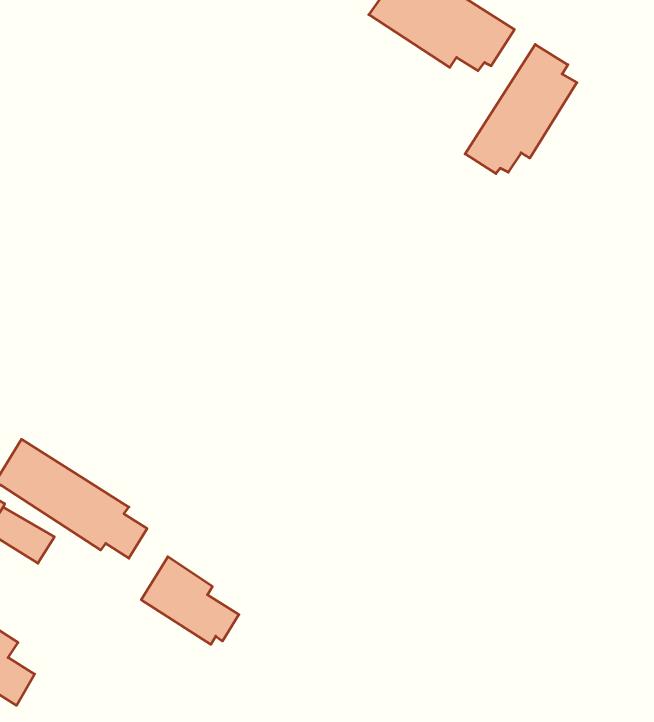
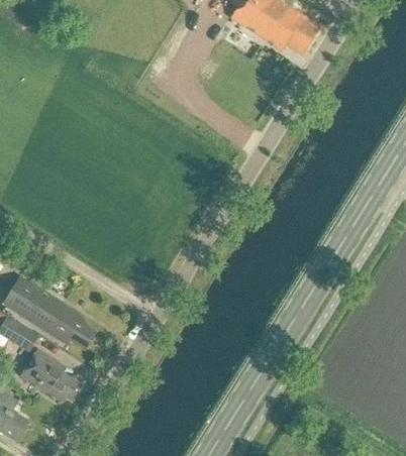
building: [465,44,577,174] -> none
building: [141,557,239,644] -> [21,348,81,402]

